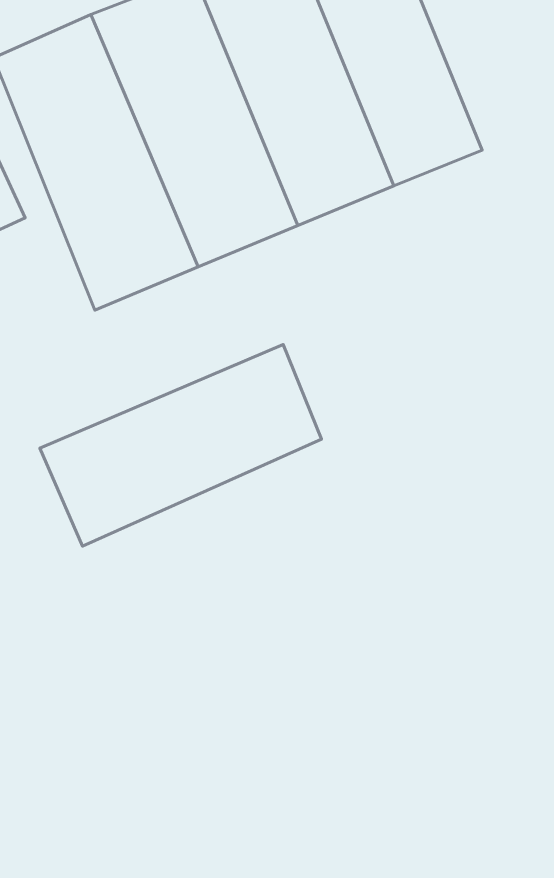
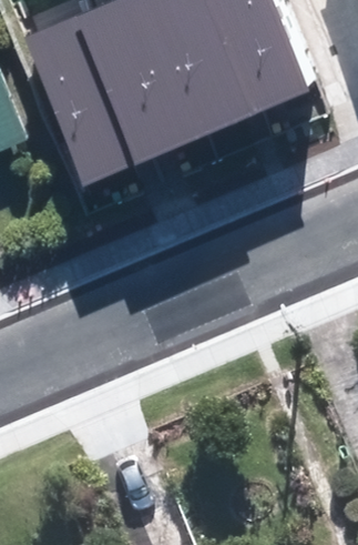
building: [40,345,322,546] -> none

